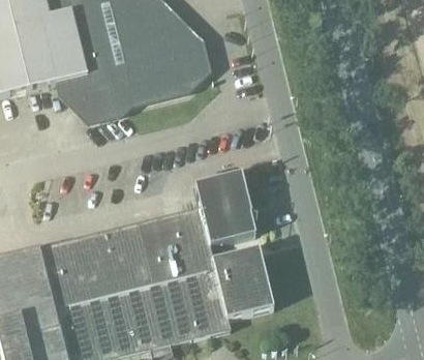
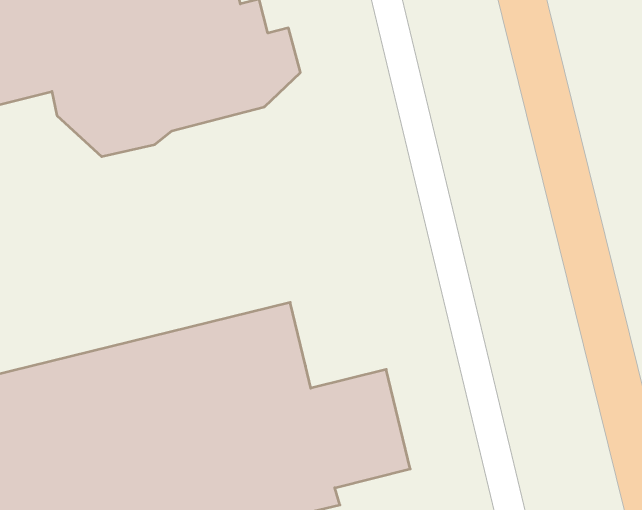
building: [196,173,256,246] -> none

